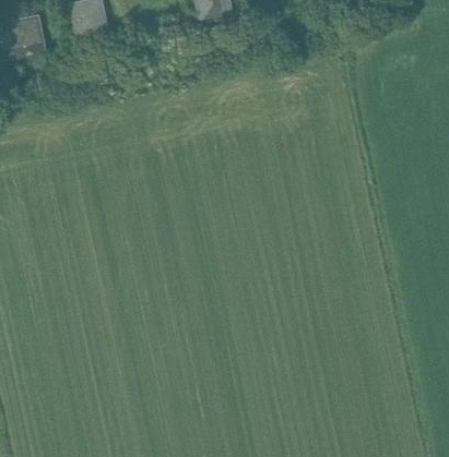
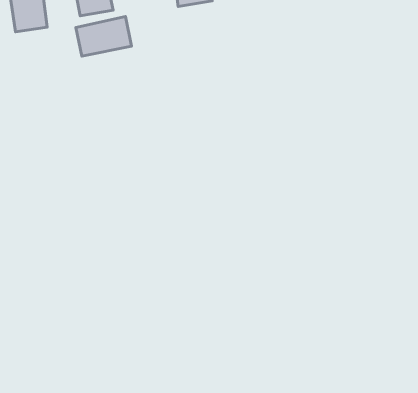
building: none -> [76,17,132,56]

